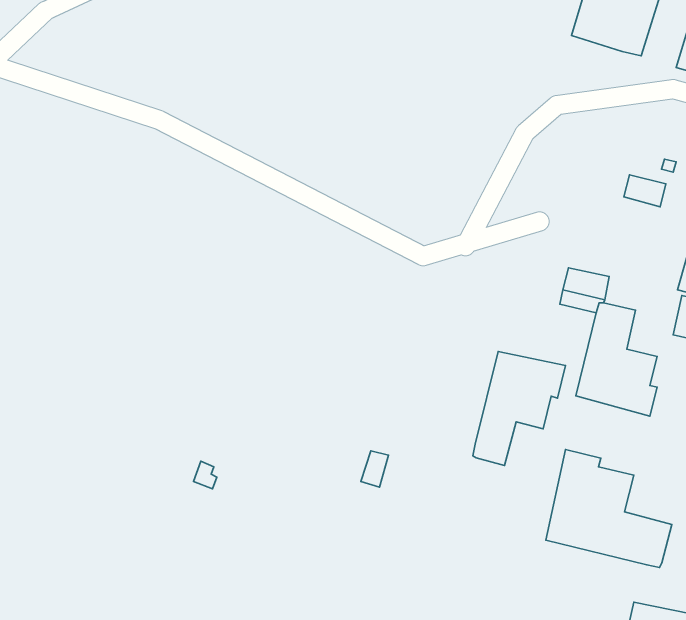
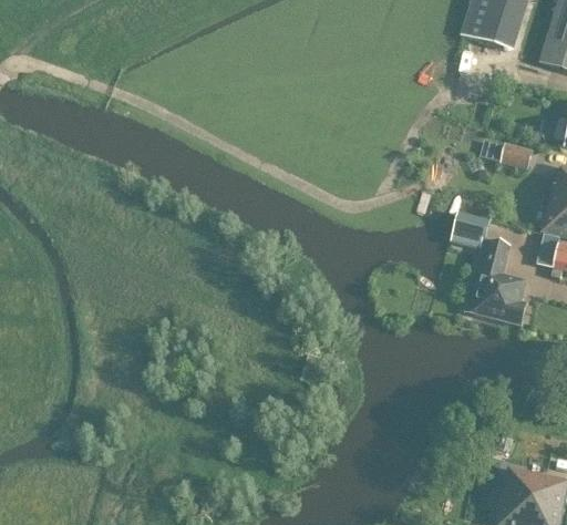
building: [473,351,565,465] -> none
building: [546,450,672,567] -> none

